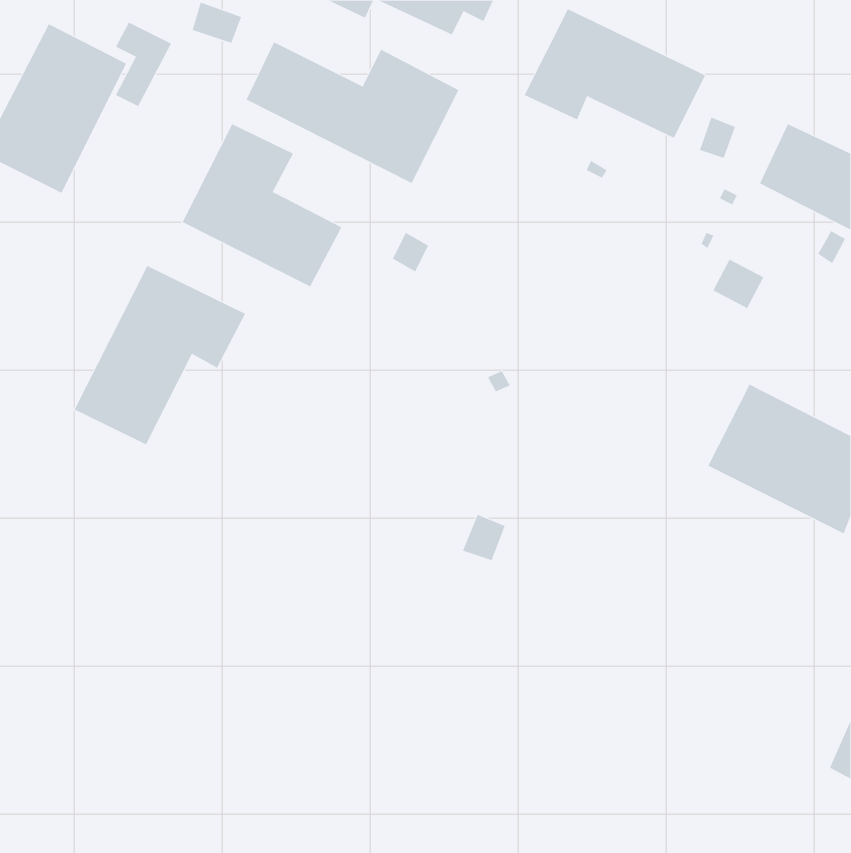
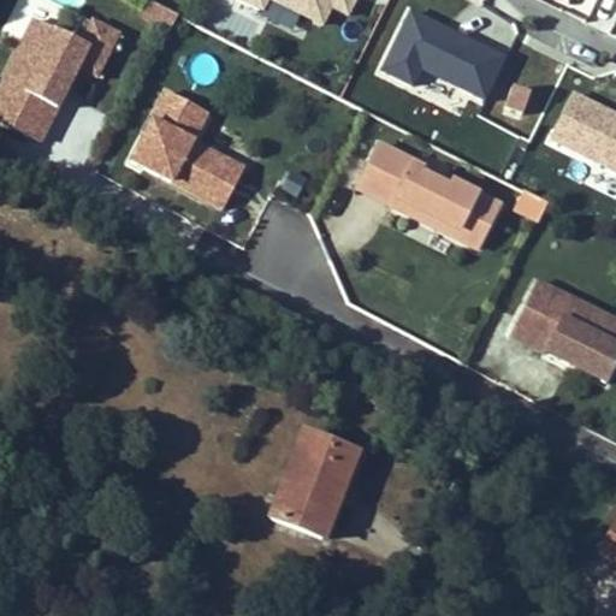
building: [246,41,459,184] -> none
building: none -> [355,138,504,250]
building: [74,265,246,445] -> none
building: none -> [267,425,366,543]

